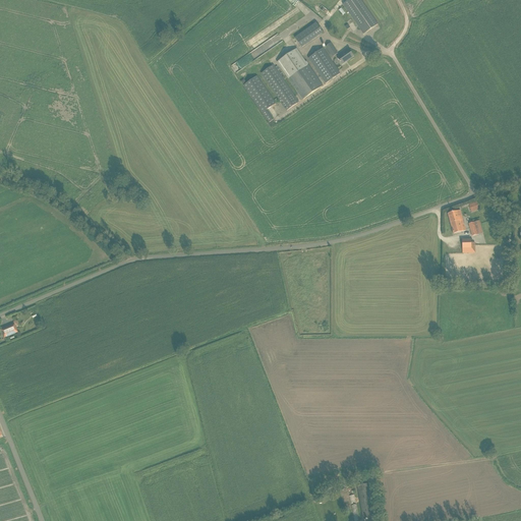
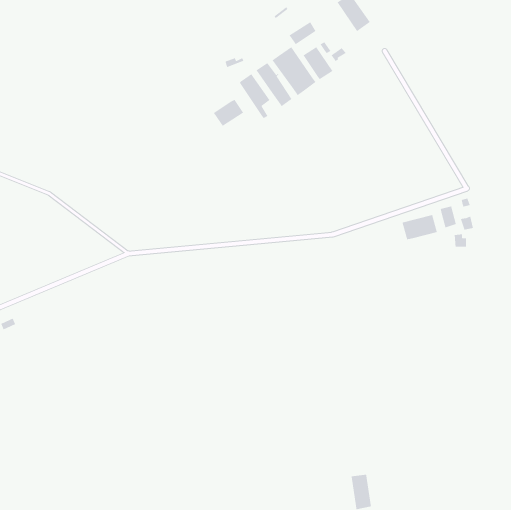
building: none -> [213,99,244,127]
building: none -> [402,214,438,240]

